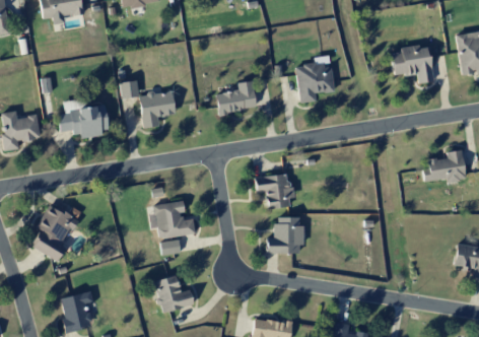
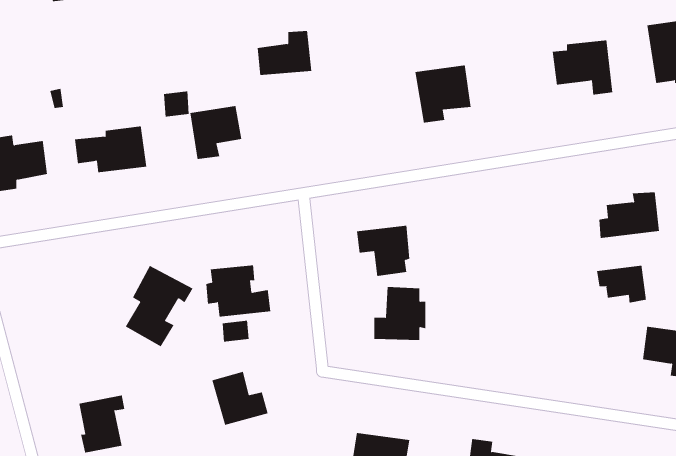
building: [217,81,256,113] -> [257,30,312,76]
building: none -> [597,265,647,303]
building: [32,204,80,261] -> [125,265,193,347]

